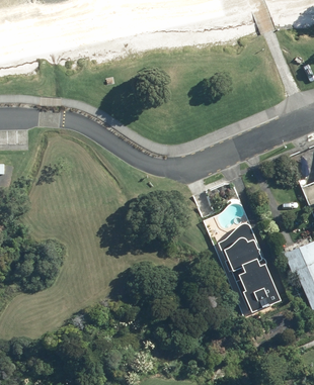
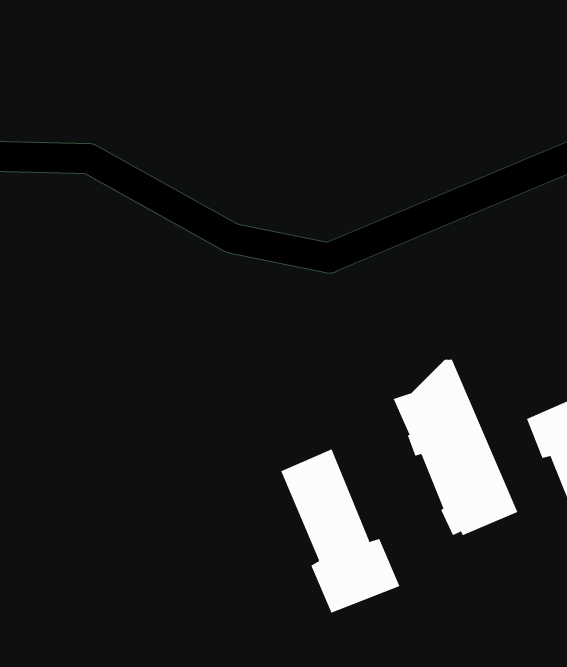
building: none -> [280,448,400,613]

